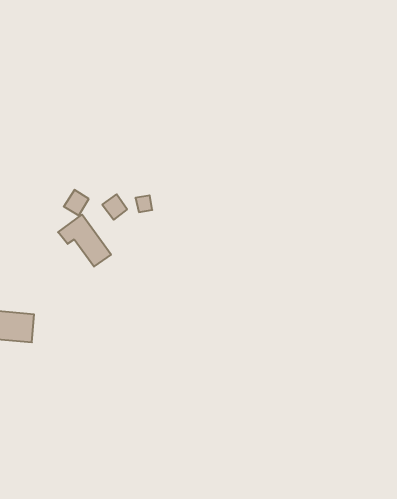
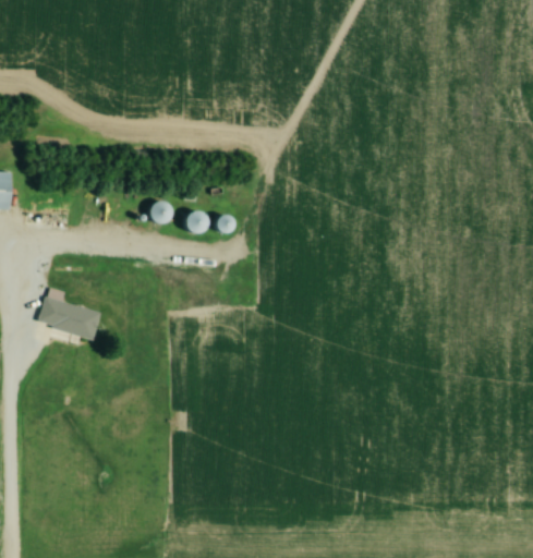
building: [58,215,111,267] -> none

